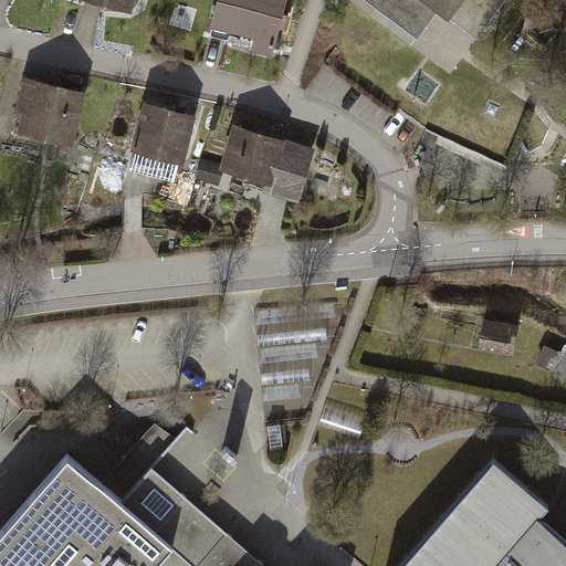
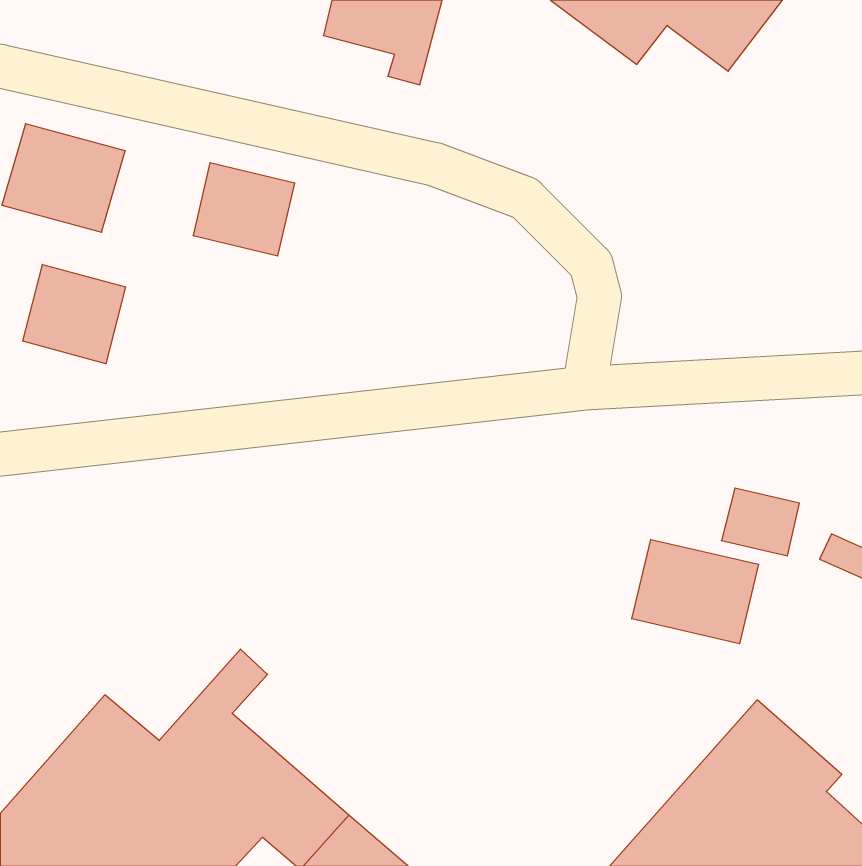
building: [197,126,312,201] -> none
building: none -> [23,264,125,364]
building: none -> [632,539,759,644]

